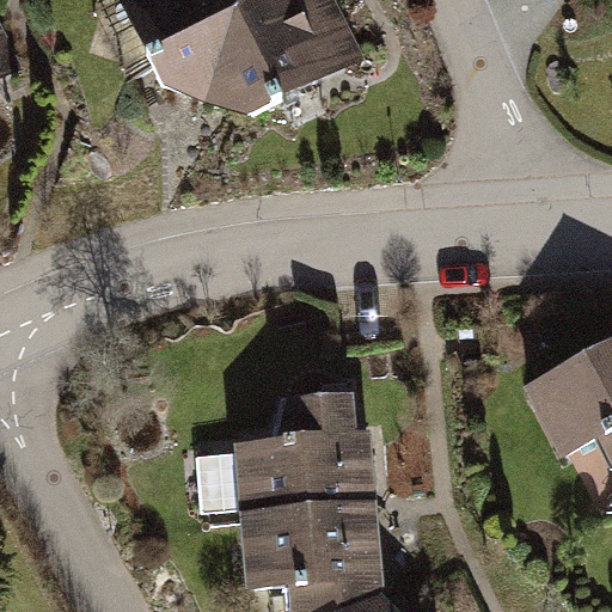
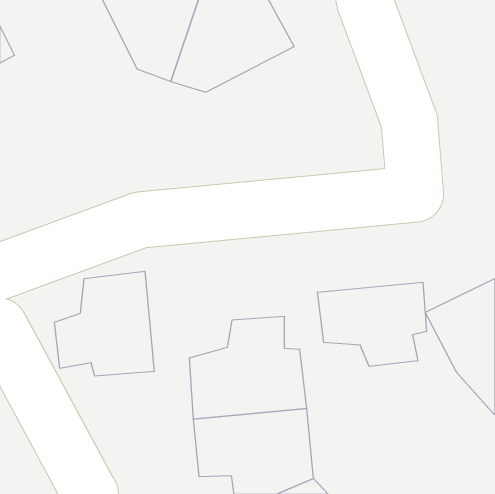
building: none -> [55,271,154,376]
building: none -> [317,282,426,366]

